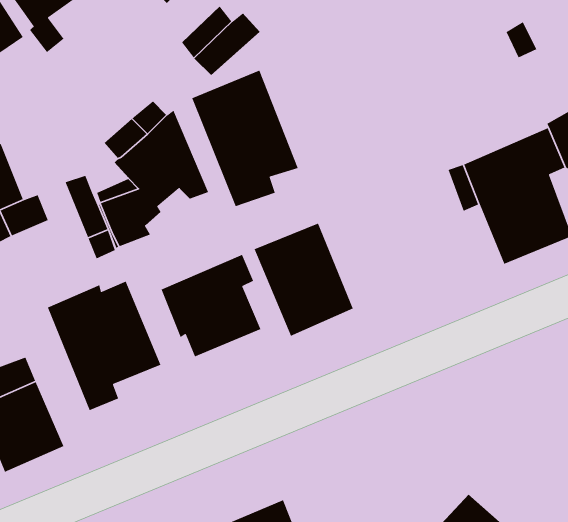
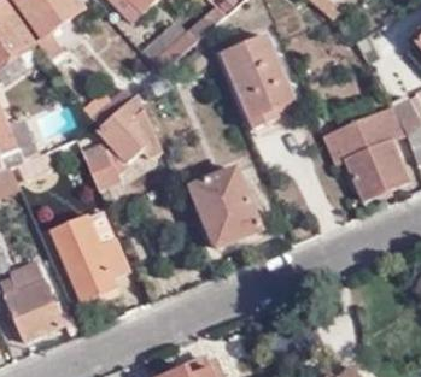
building: [191,70,299,207] -> [223,35,297,129]
building: [161,254,262,358] -> none

